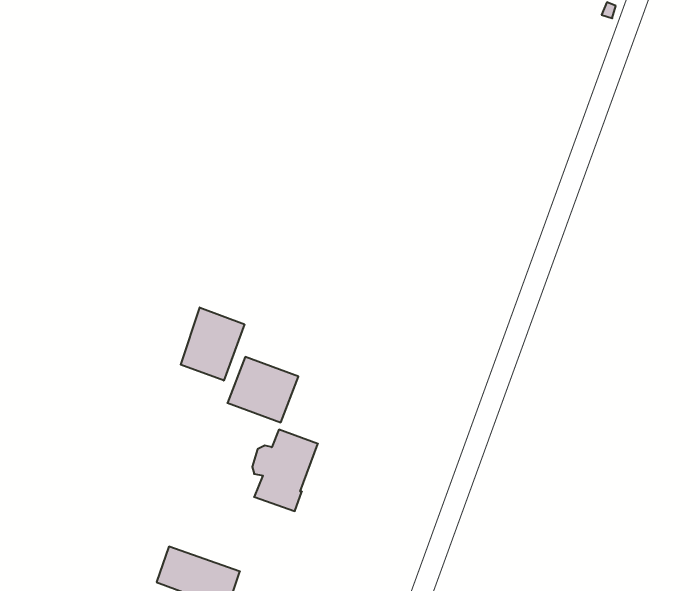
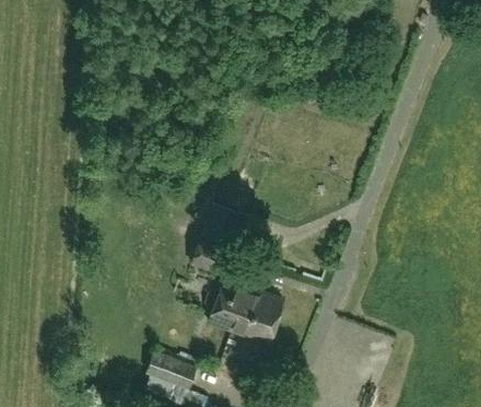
building: [181,307,244,381] -> none
building: none -> [232,290,283,345]

